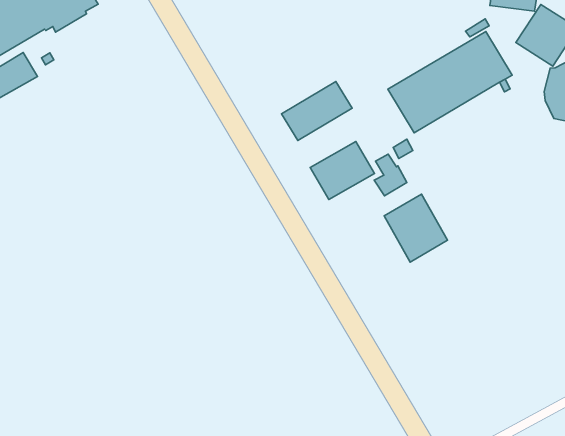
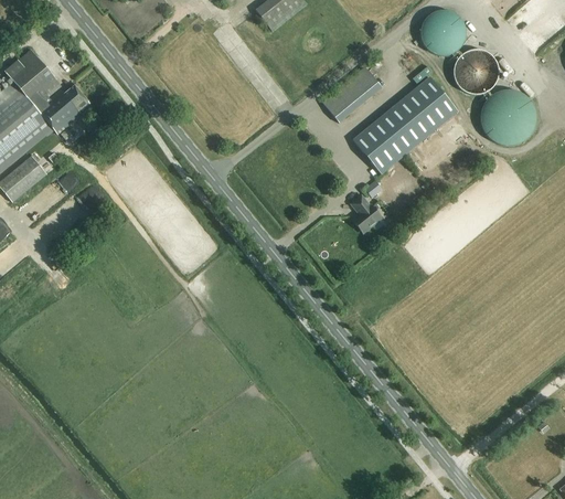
building: [281,82,352,141] -> [320,66,381,123]
building: [310,142,374,200] -> none
building: [384,194,448,262] -> none

